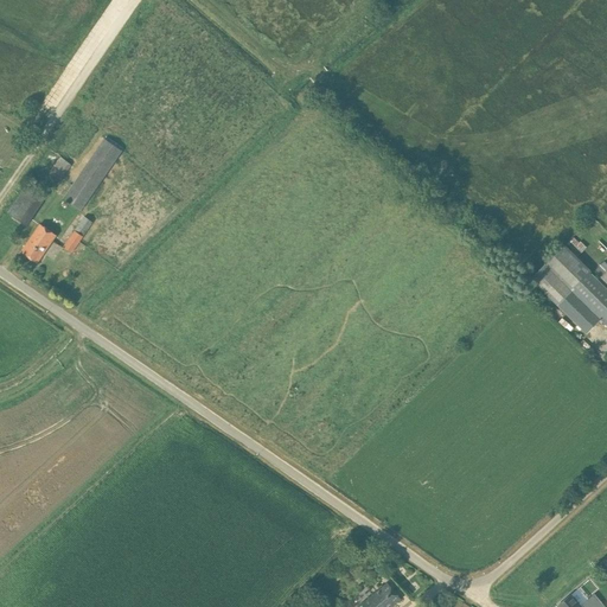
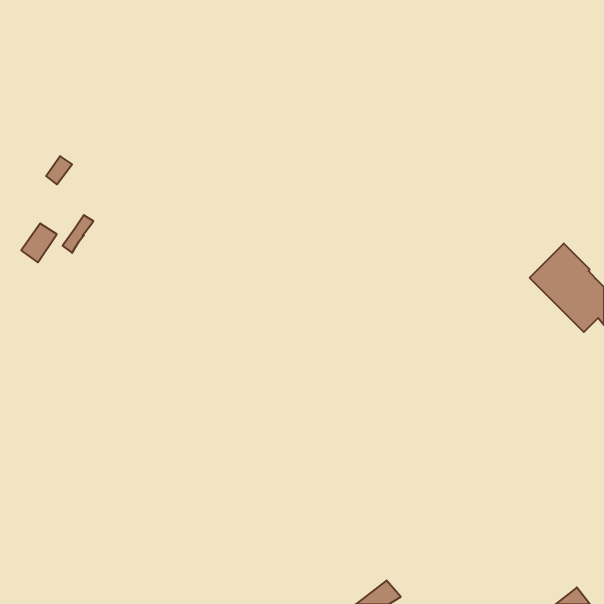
building: [63,138,123,211] -> none
building: [8,184,47,226] -> none

